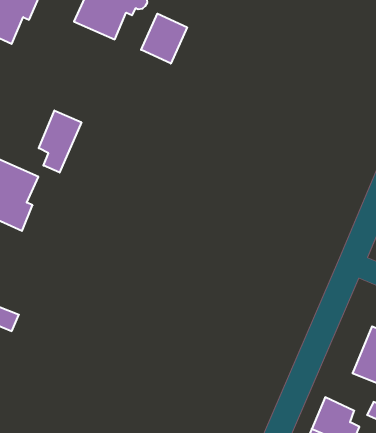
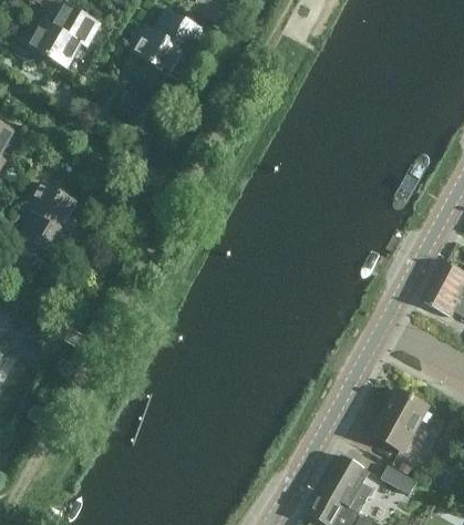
building: [141,14,187,64] -> none
building: [39,110,81,173] -> none

